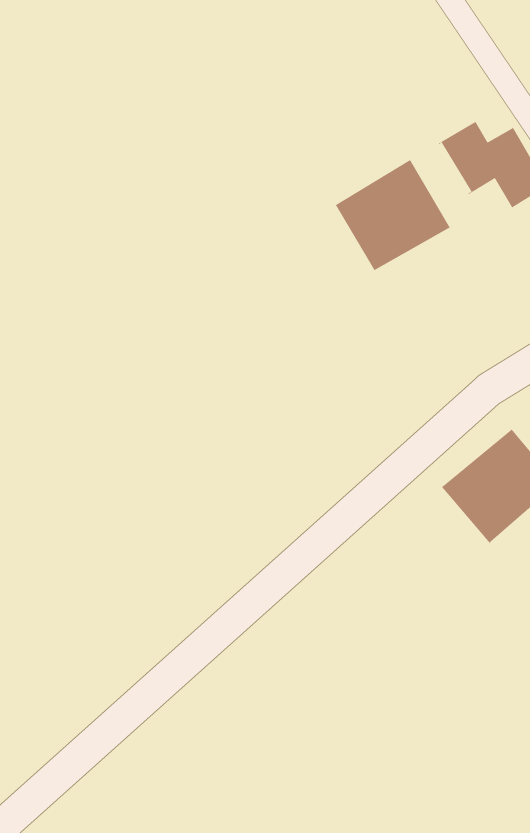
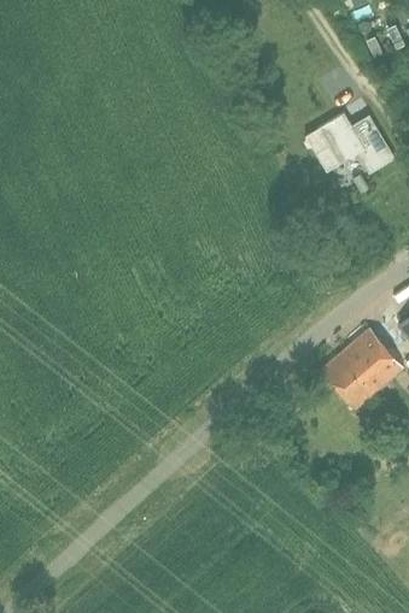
building: [335,159,451,271] -> none

